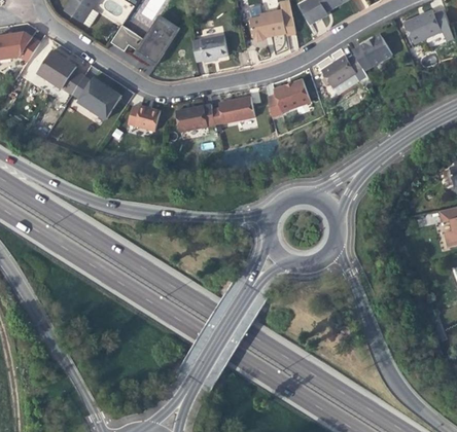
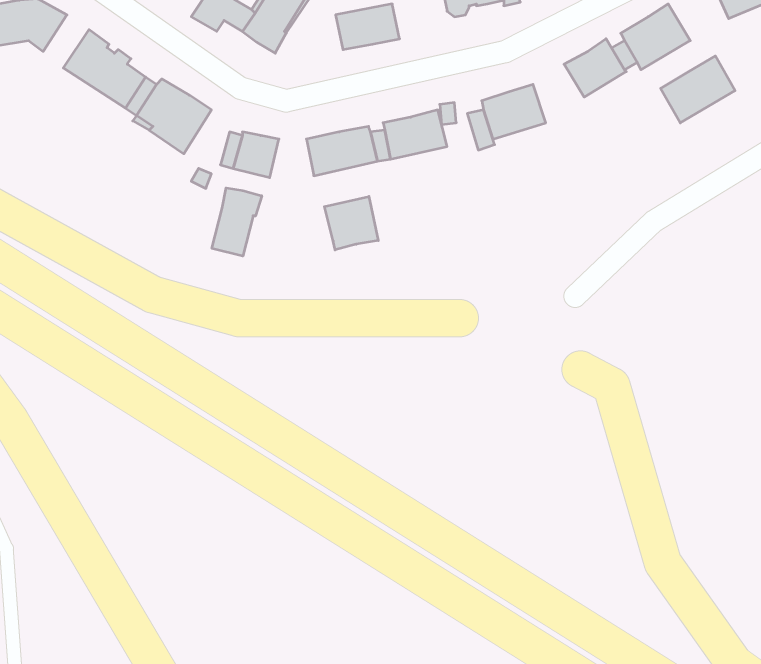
building: none -> [661,56,735,123]
building: none -> [212,188,262,256]
building: none -> [324,196,378,250]

